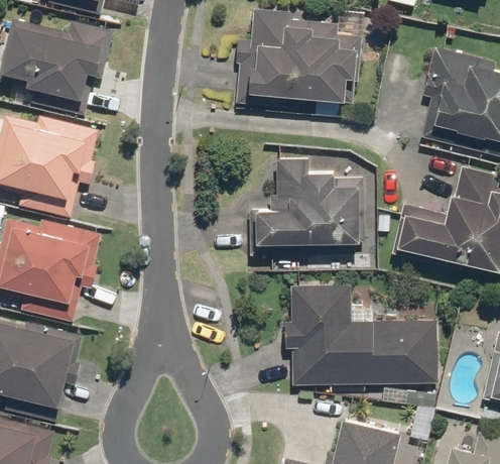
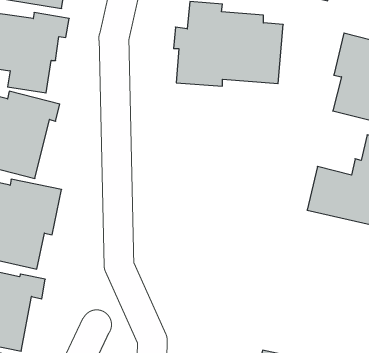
building: [249,157,368,256] -> none
building: [283,283,441,385] -> none

